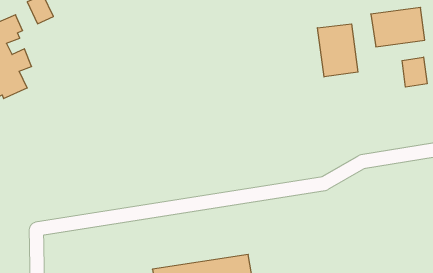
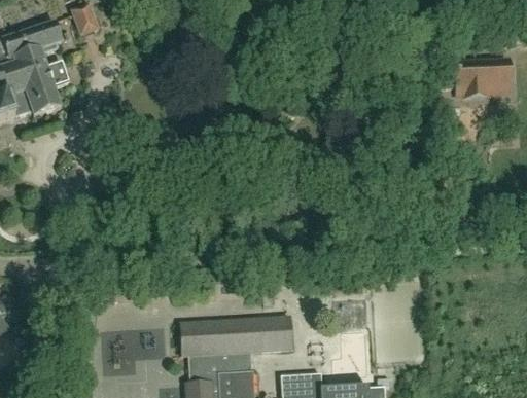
building: [317,24,358,77] -> none
building: [402,57,427,87] -> none

